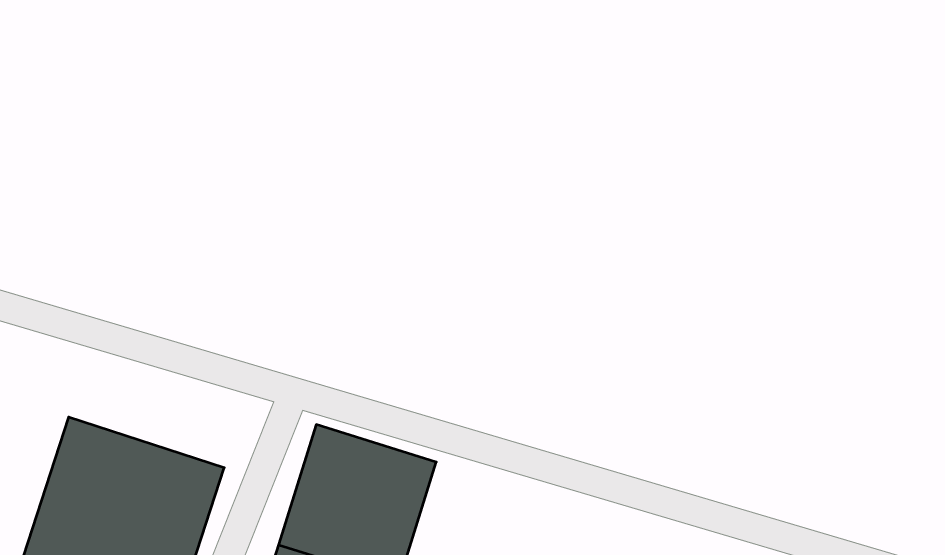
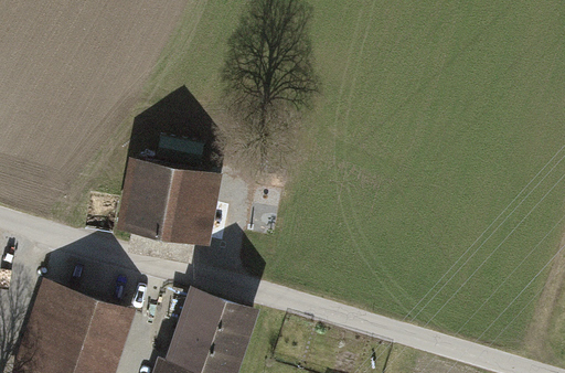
building: none -> [116,157,216,241]

